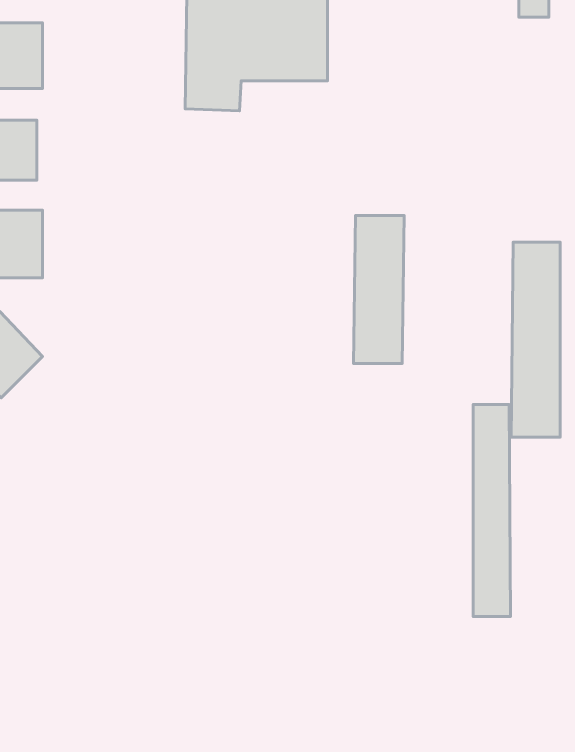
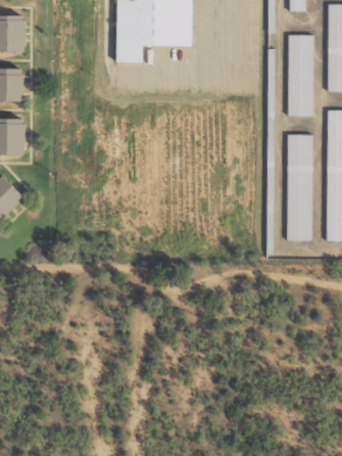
building: [353,215,404,364] -> [287,34,314,115]
building: [473,405,511,617] -> none

